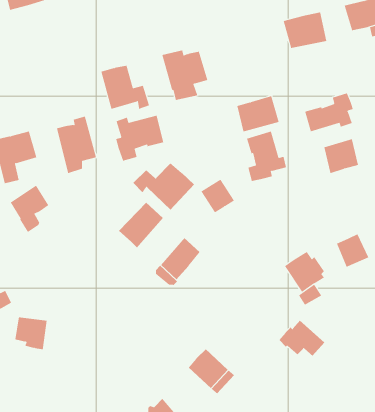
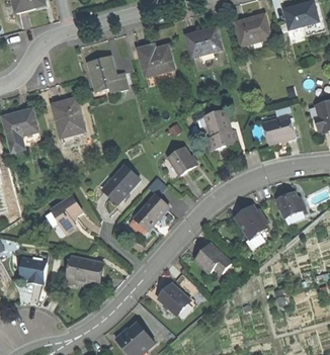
building: [305,92,353,132] -> none
building: [237,96,280,132] -> [185,26,220,56]
building: [115,115,164,162] -> none
building: [132,162,195,210] -> none
building: [10,185,49,233] -> [50,194,81,233]
building: none -> [66,255,99,282]
building: [278,320,325,356] -> [193,243,231,272]

